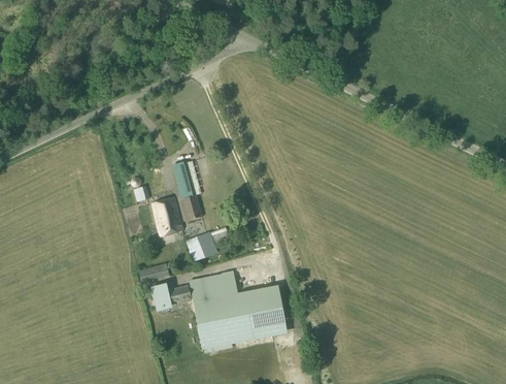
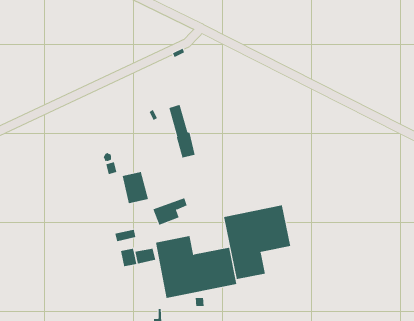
building: [173,162,204,224] -> [168,104,195,158]
building: none -> [223,205,291,280]

